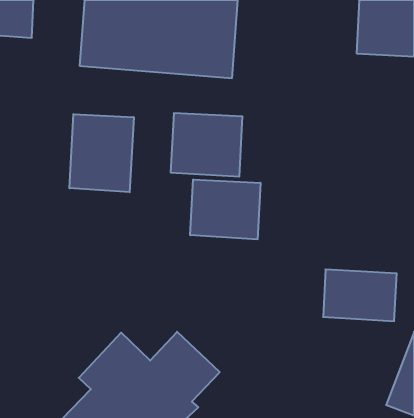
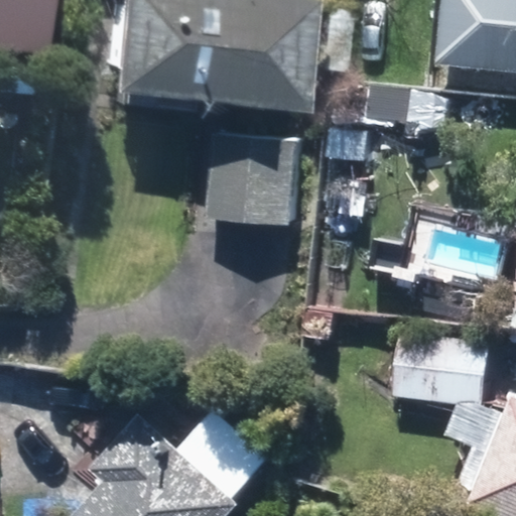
building: [69,114,134,192] -> none
building: [190,179,260,239] -> none

